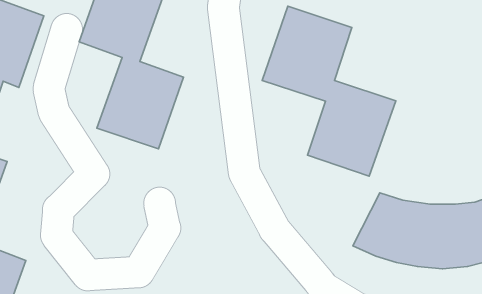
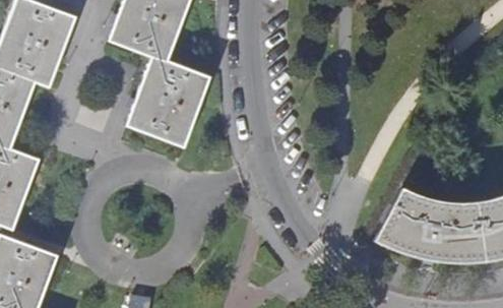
building: [262,6,396,176] -> none

